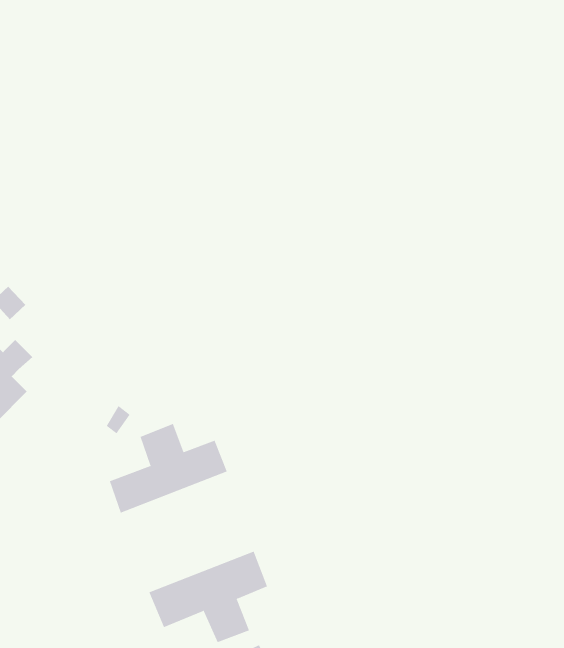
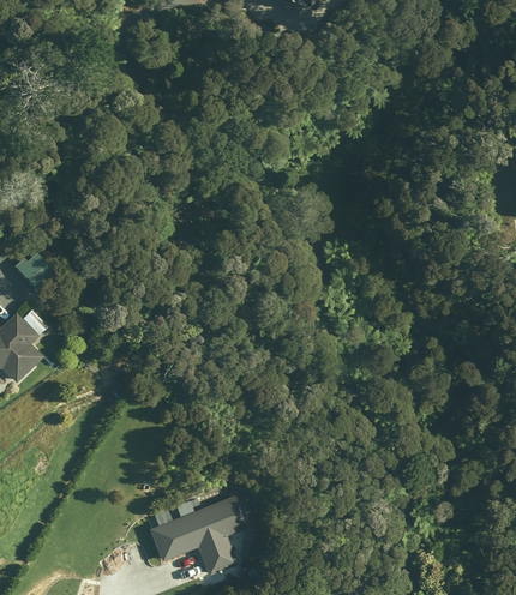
building: [109,423,227,513] -> none

